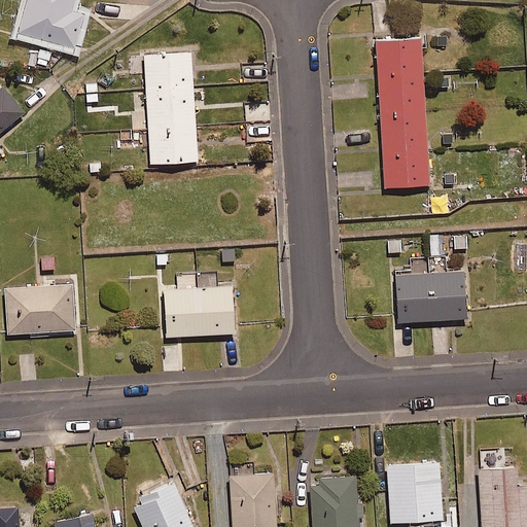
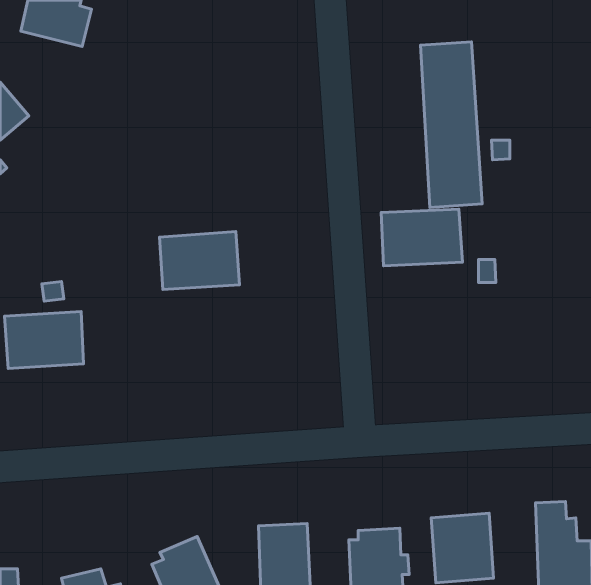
building: [144,58,199,170] -> none
building: [392,272,464,322] -> [381,209,462,266]
building: [164,284,235,336] -> [160,231,239,289]

